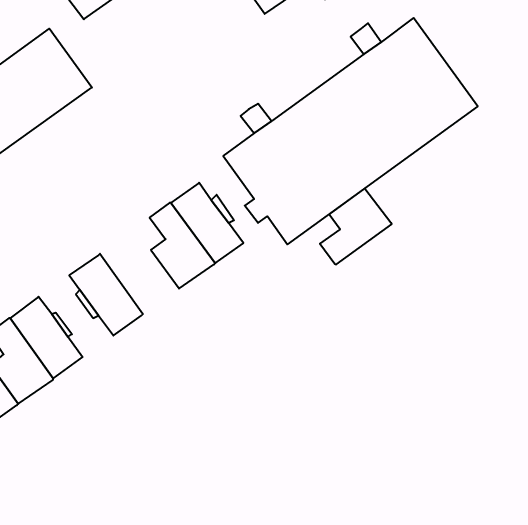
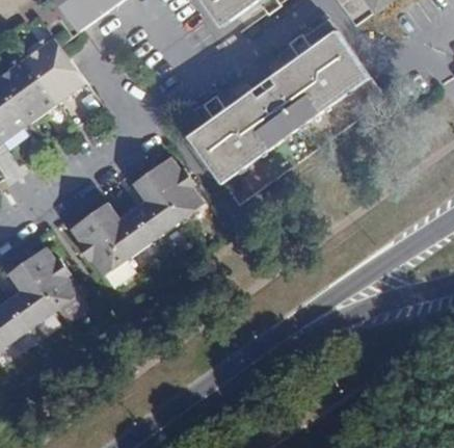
building: [320,188,392,265] -> none
building: none -> [90,202,152,259]

